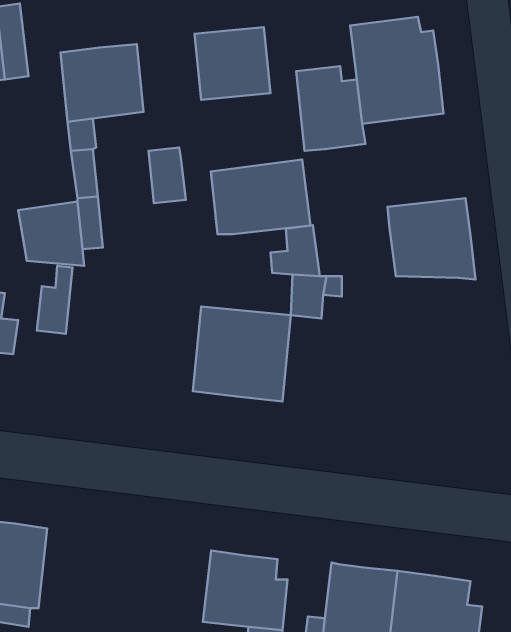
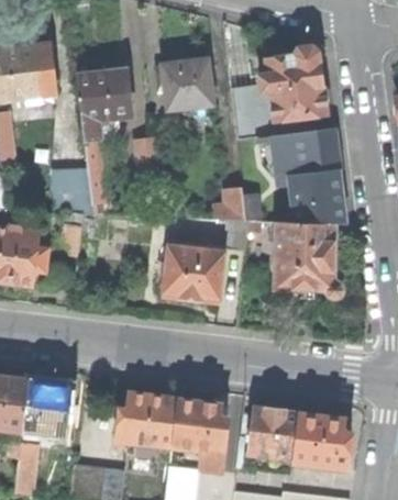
building: [211,160,311,234] -> [275,127,340,176]
building: none -> [275,221,344,298]
building: none -> [113,392,175,445]

